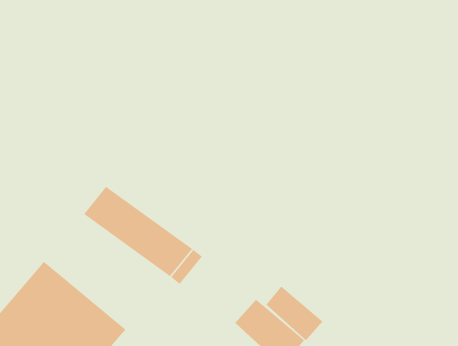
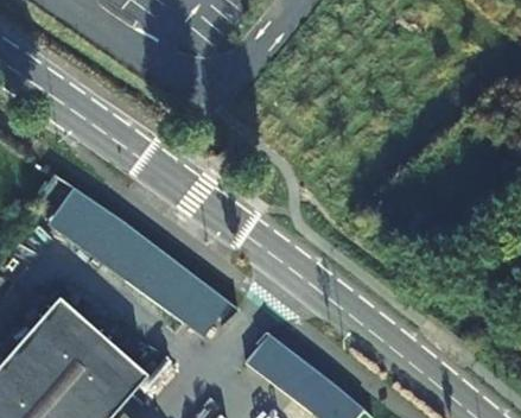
building: none -> [50,186,120,252]
building: [265,286,324,341] -> none

